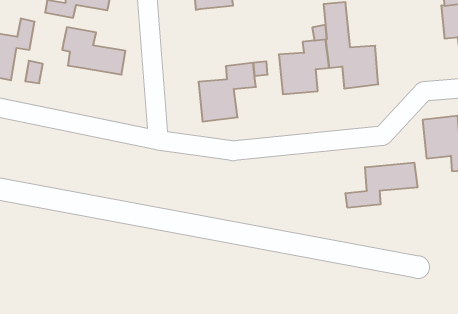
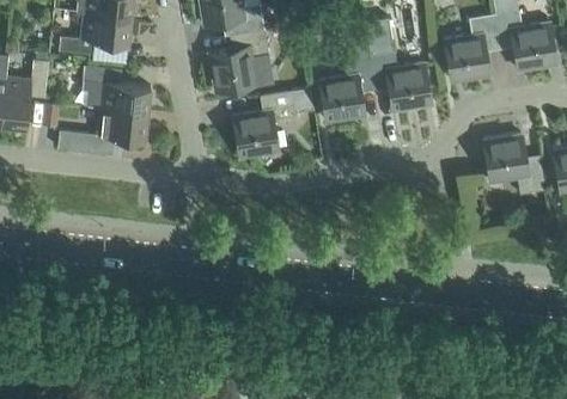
building: none -> [445,13,500,81]
building: none -> [208,29,269,91]
building: none -> [59,108,148,153]
building: [346,163,417,208] -> none

